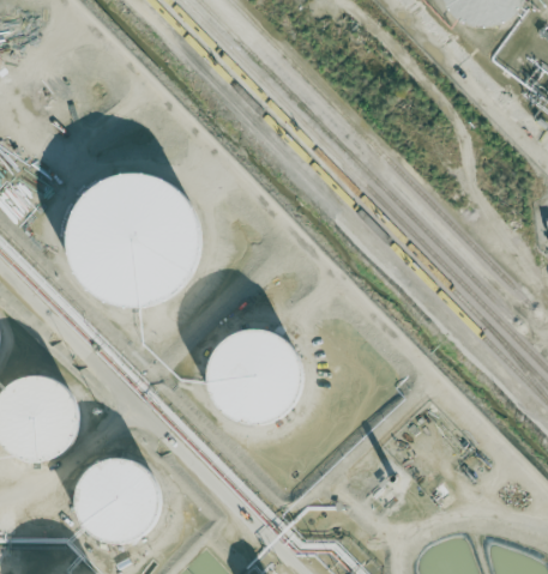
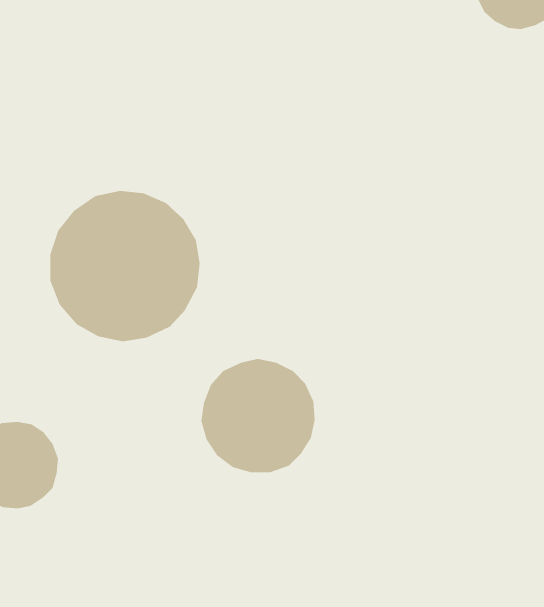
building: [76,460,156,539] -> none

